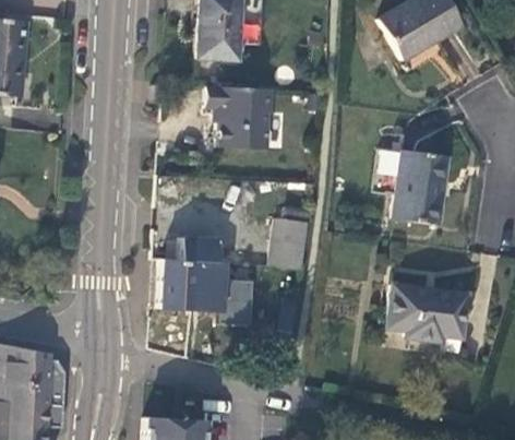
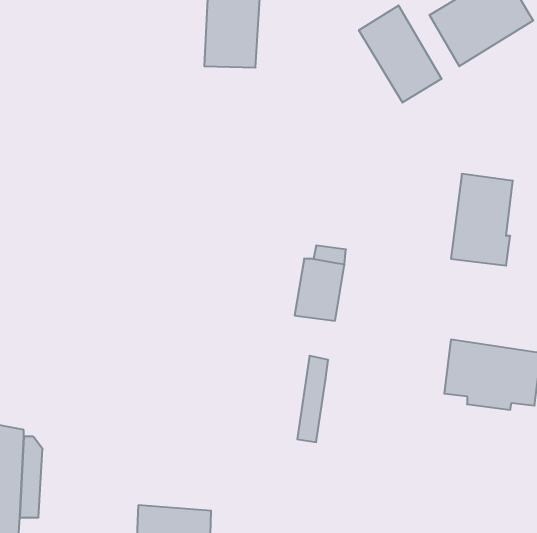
building: none -> [359,5,442,103]
building: [208,86,274,150] -> none
building: [159,238,237,312] -> none

